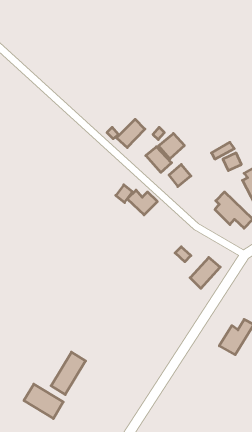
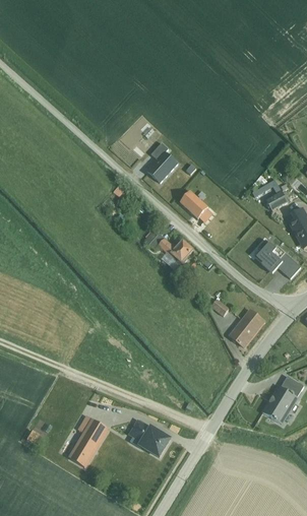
building: [159,133,184,159] -> none
building: none -> [125,417,172,458]
building: [24,384,63,419] -> none

